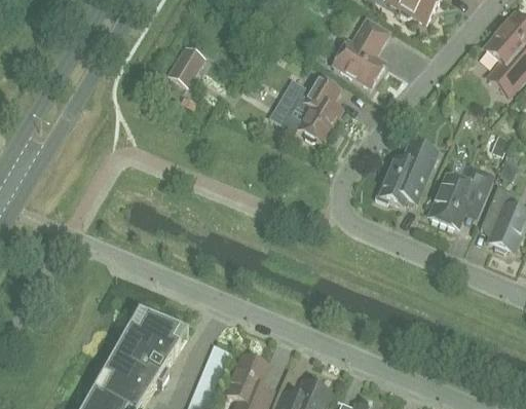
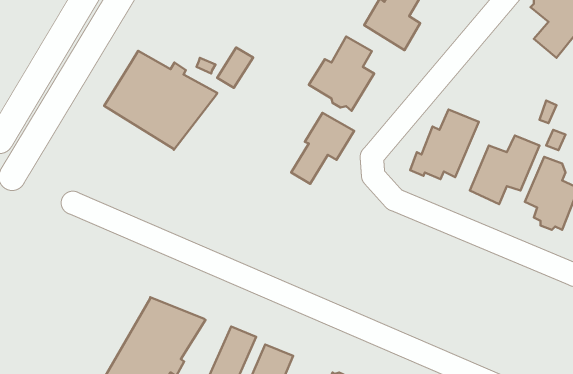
building: [170,45,202,82] -> [217,48,253,88]
building: none -> [104,51,217,150]
building: none -> [291,113,354,184]

